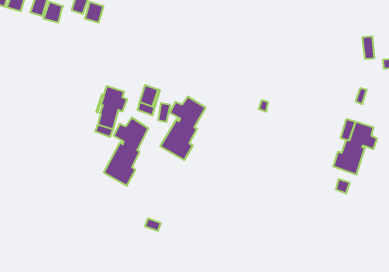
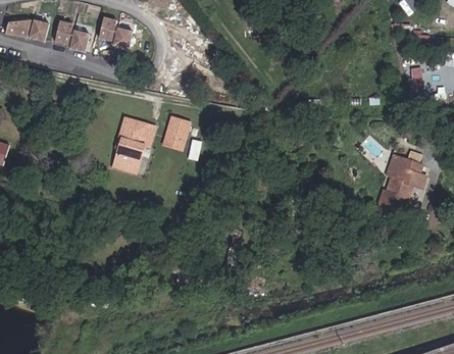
building: [160,96,205,160] -> none
building: [104,117,148,186] -> none

